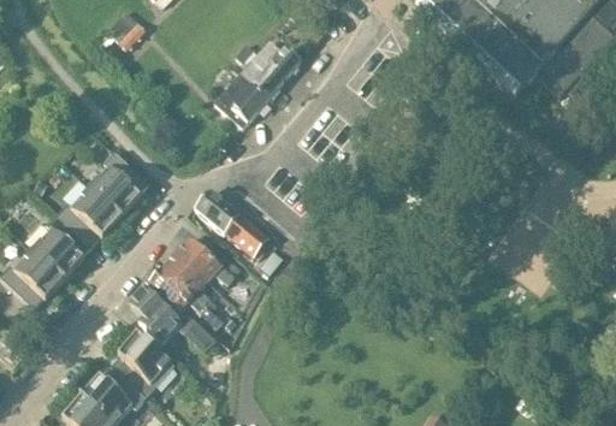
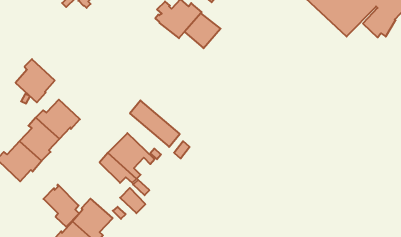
building: [215,73,268,125] -> [185,13,221,48]
building: [91,152,149,215] -> [16,59,55,102]
building: [130,279,183,341] -> [43,185,79,227]

